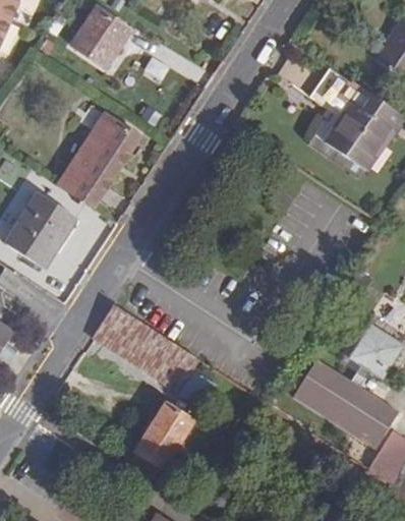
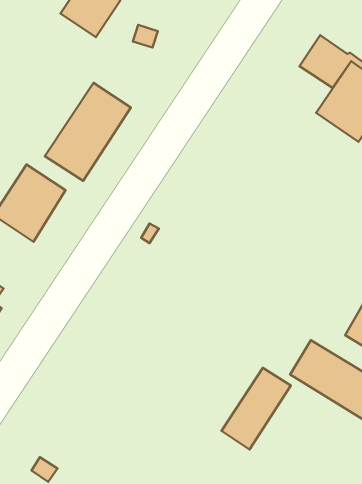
building: [93,306,216,406] -> none
building: [124,403,192,483] -> [221,368,291,449]

